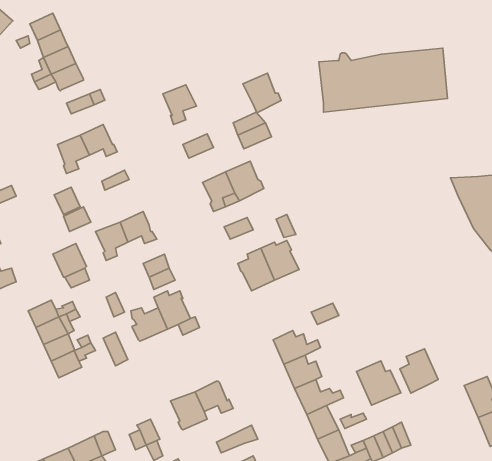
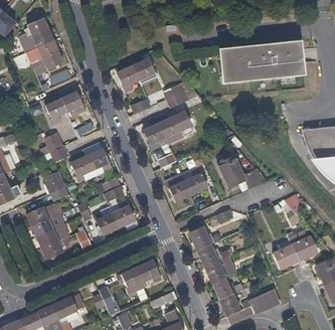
building: [243,73,281,113] -> [131,58,156,85]
building: none -> [216,156,265,191]
building: [356,361,401,405] -> [287,230,316,260]

